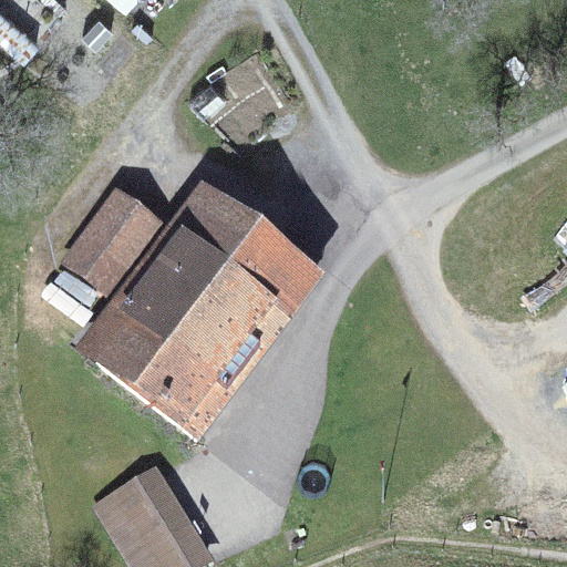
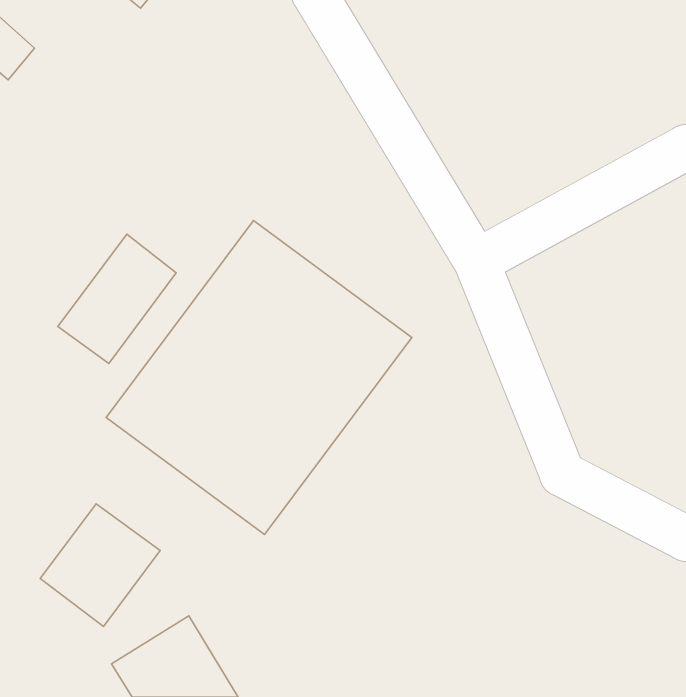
building: none -> [40,504,160,626]

